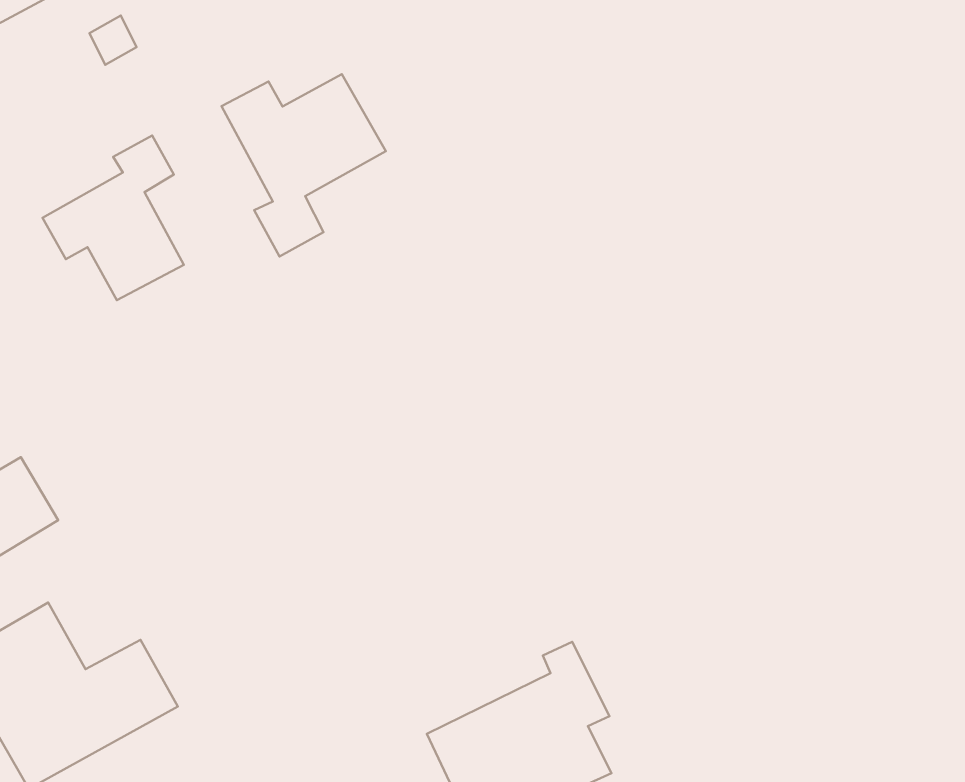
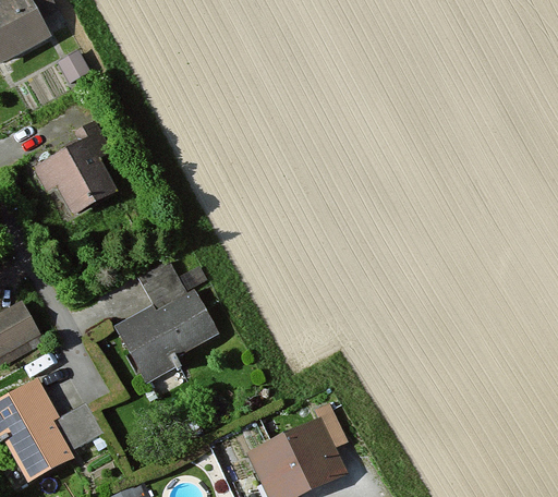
building: [222,74,386,256] -> none
building: none -> [116,256,217,377]

